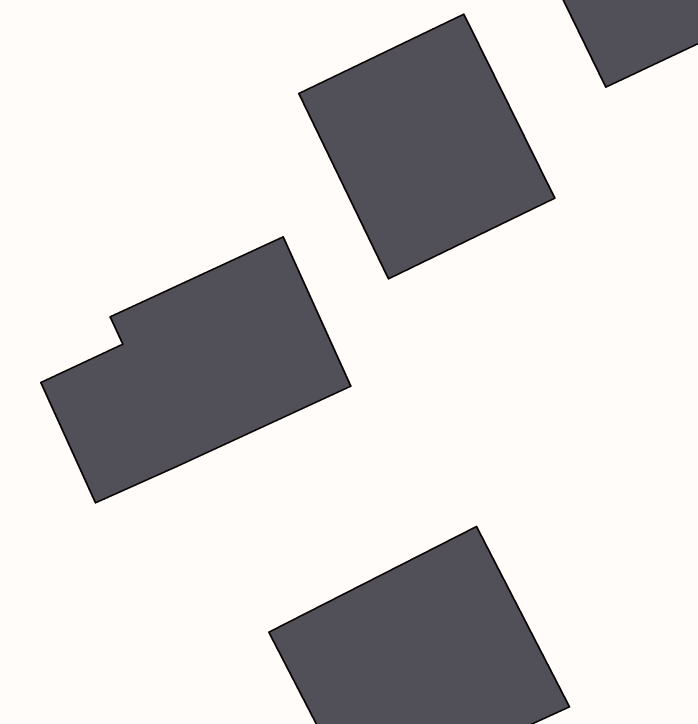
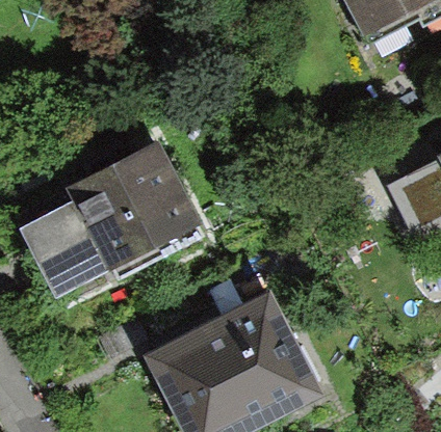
building: [299,14,555,279] -> none

